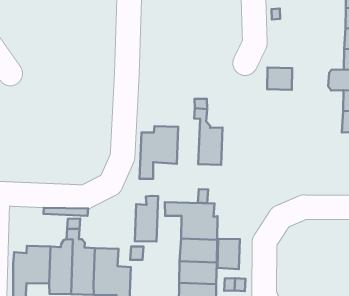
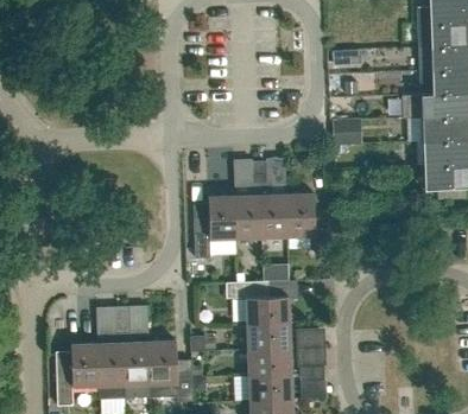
building: none -> [286,193,330,254]
building: [135,196,158,242] -> [235,185,261,238]

